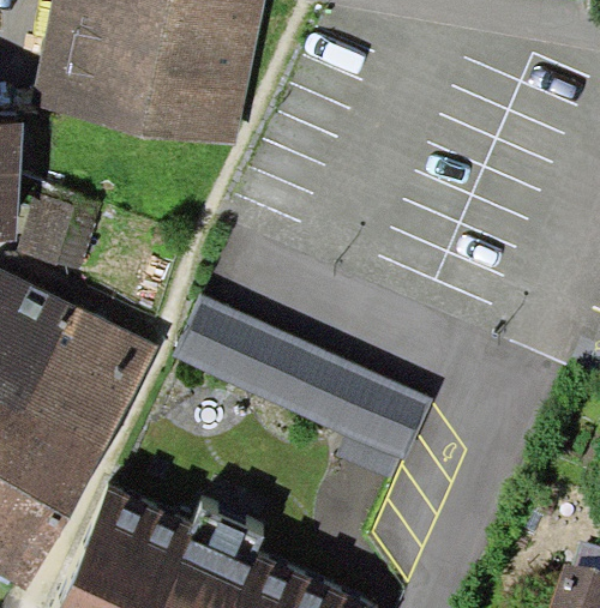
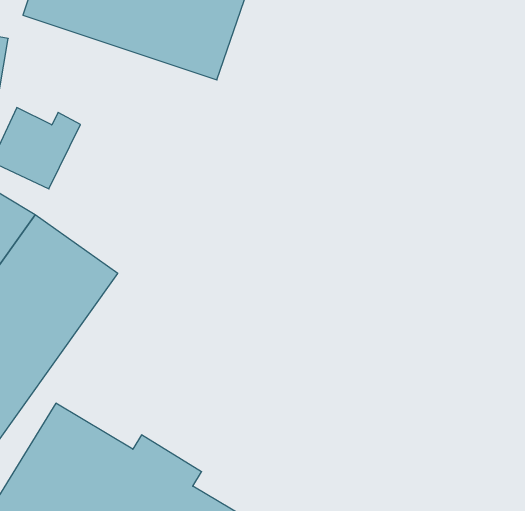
building: [174,294,434,478] -> none

